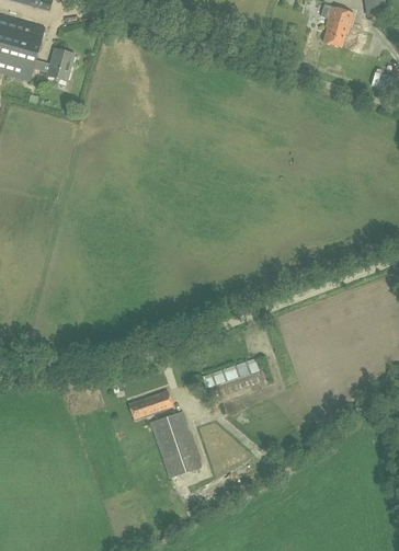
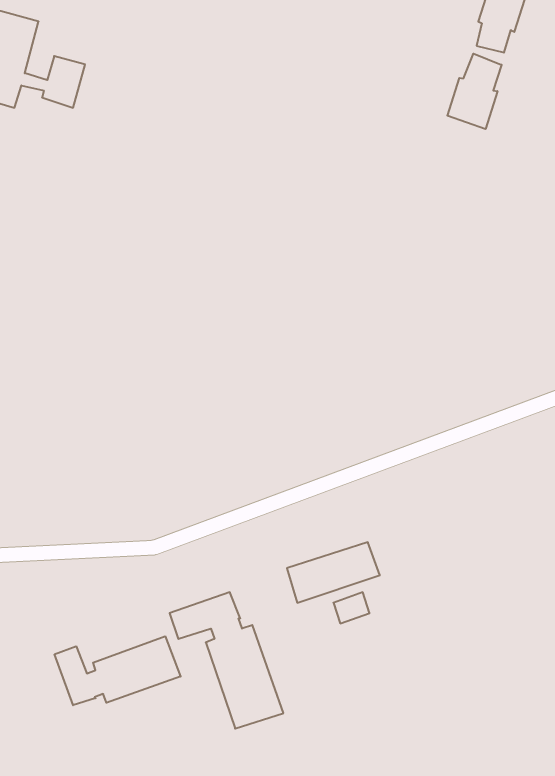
building: none -> [447,54,502,129]
building: none -> [55,636,181,705]

